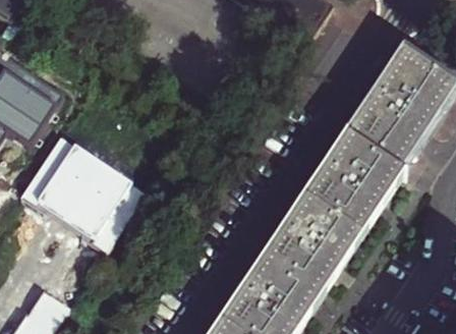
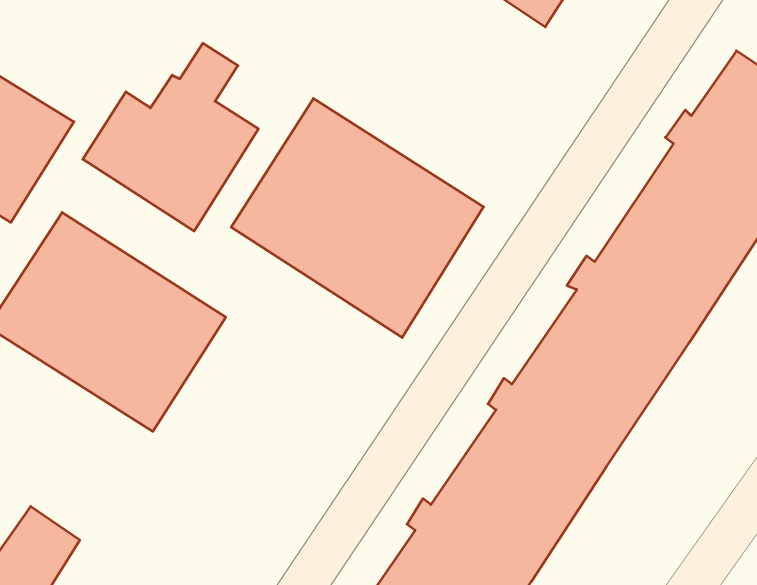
building: none -> [83,43,258,231]
building: none -> [231,98,484,338]

